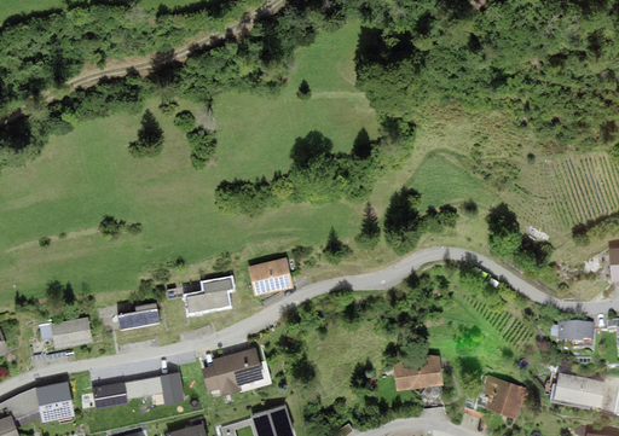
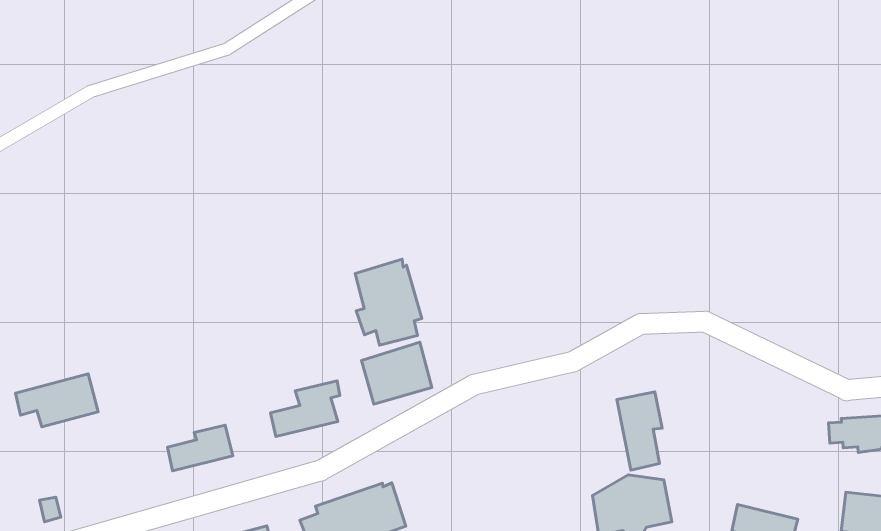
building: none -> [355,259,422,345]
building: none -> [617,392,662,470]
building: [40,316,93,349] -> [16,374,98,427]

